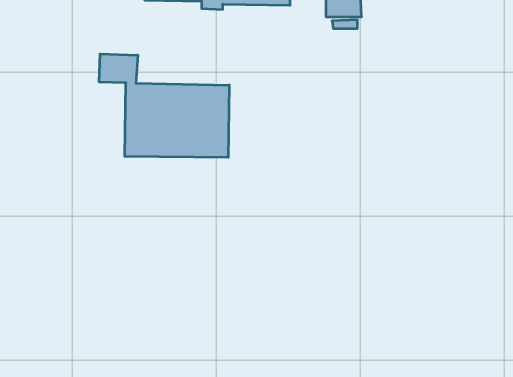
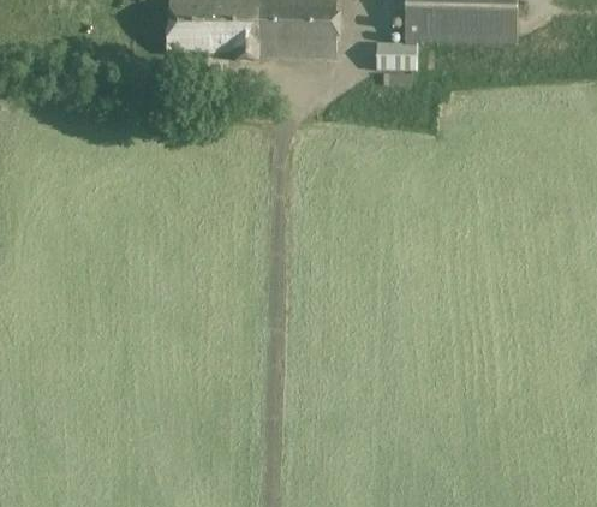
building: [99,54,229,157] -> none

